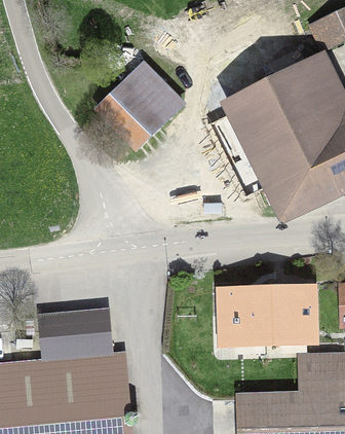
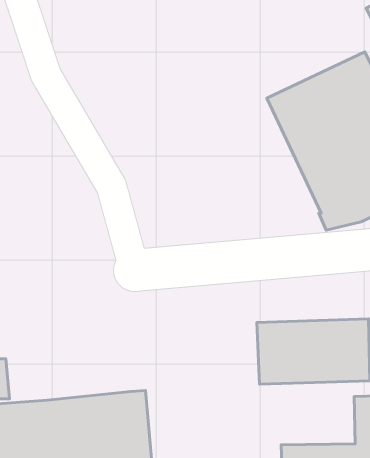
building: [98,64,182,147] -> none
building: [37,306,113,359] -> none

